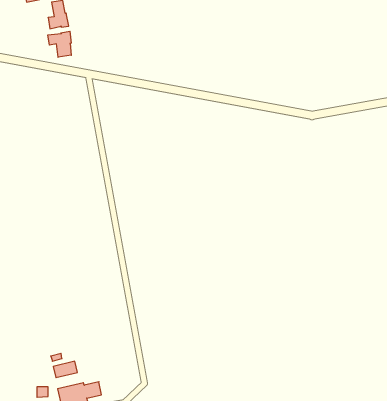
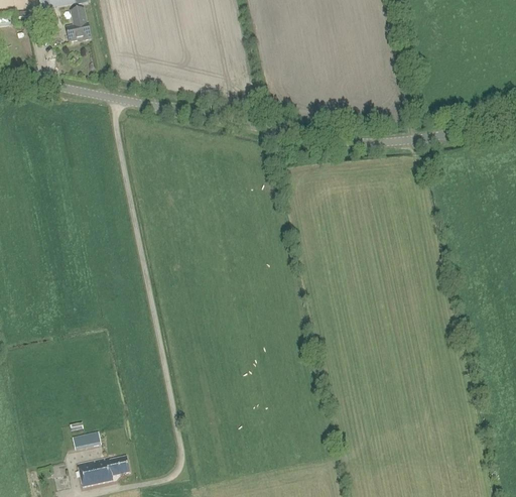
building: [48,31,71,57] -> none

